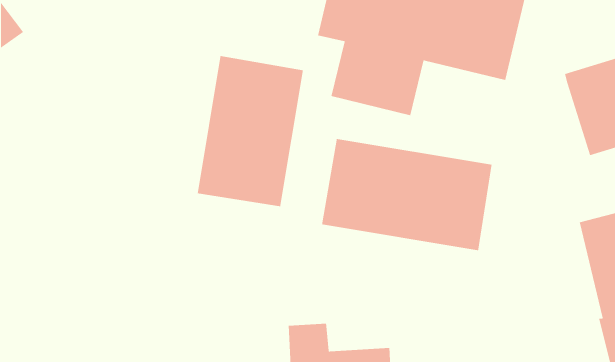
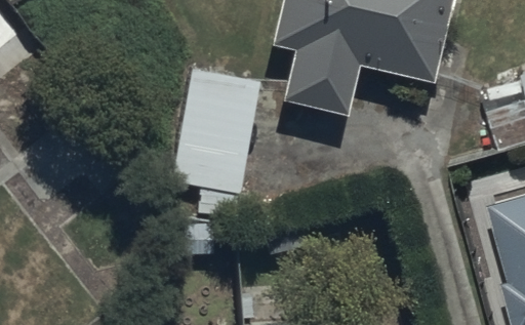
building: [321,138,493,251] -> none

